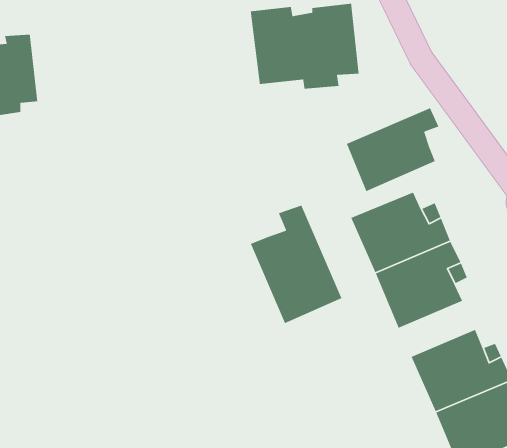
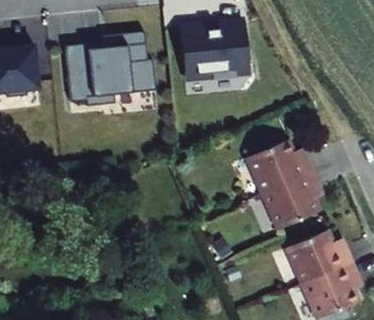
building: none -> [68,28,156,104]
building: [346,107,440,192] -> none
building: [250,204,342,324] -> none

